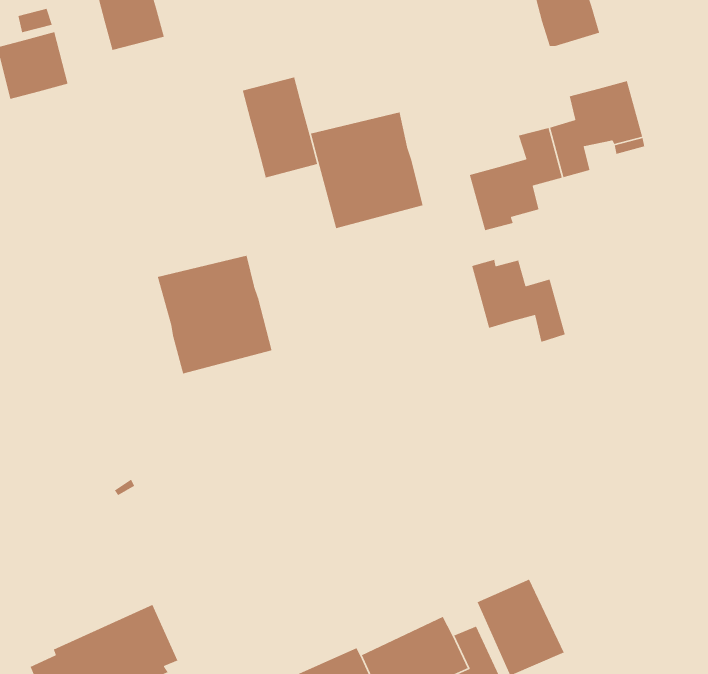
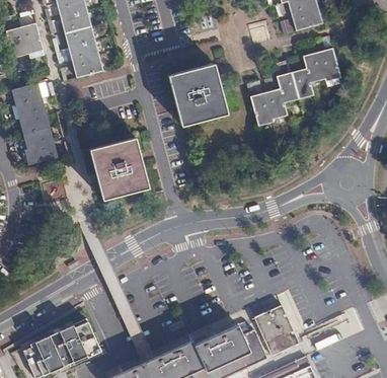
building: [242,76,318,178] -> [66,25,105,78]
building: none -> [12,82,59,165]
building: [471,259,566,343] -> none

